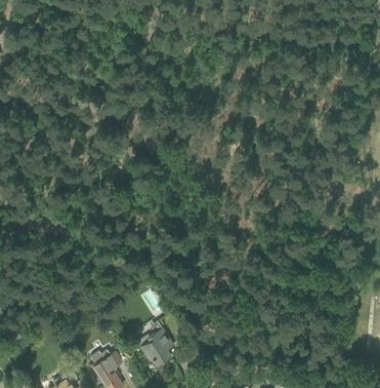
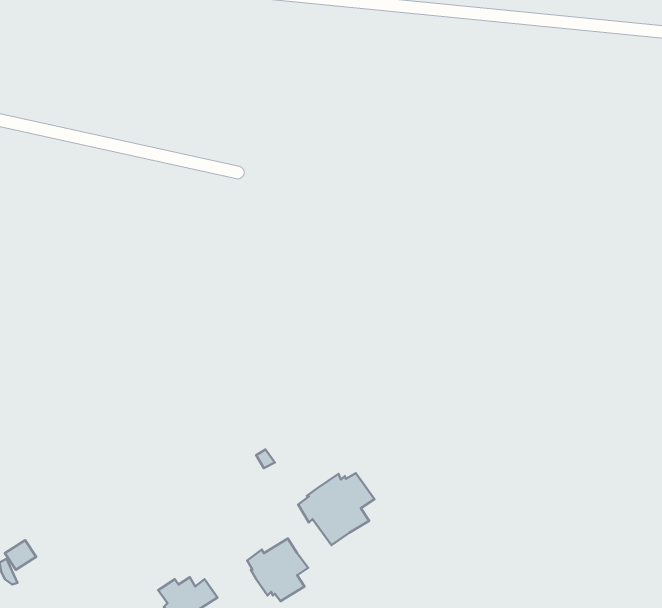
building: none -> [298,473,375,545]

